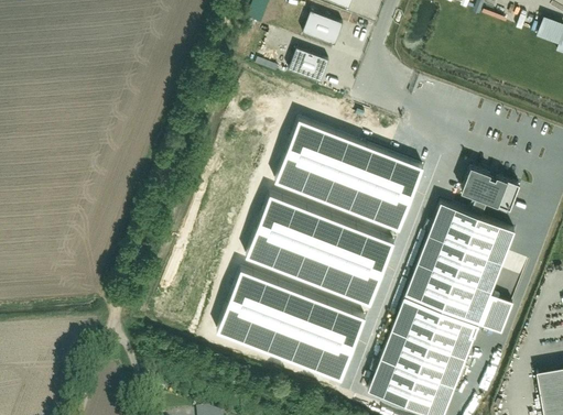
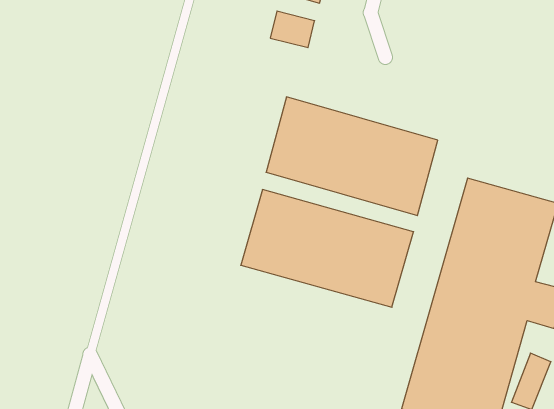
building: [463,165,510,205] -> none
building: [217,270,365,379] -> none

